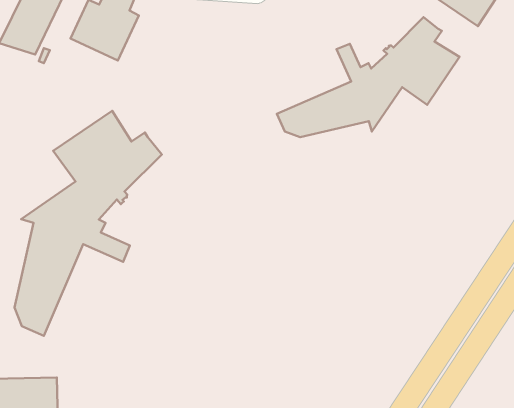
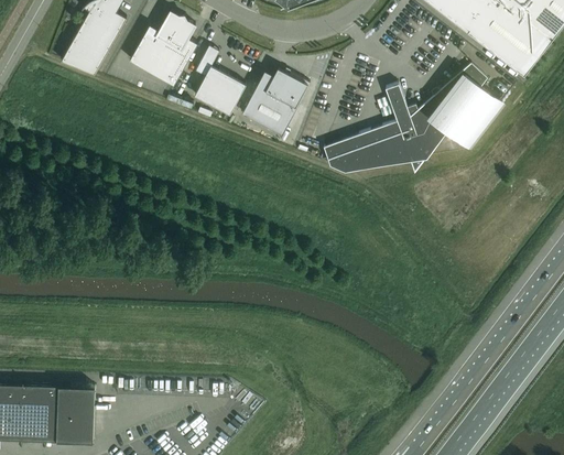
building: none -> [192,53,243,117]
building: none -> [241,69,308,137]
building: [14,111,162,336] -> none

